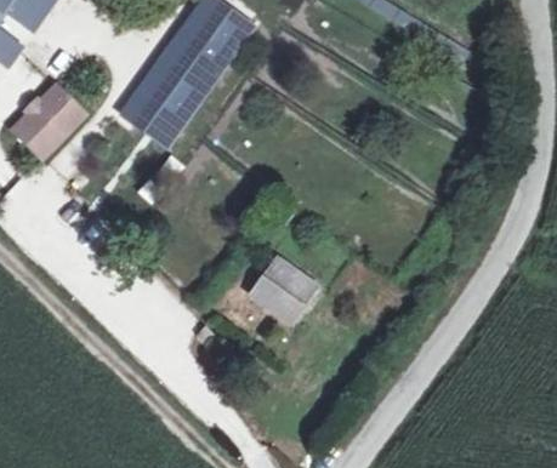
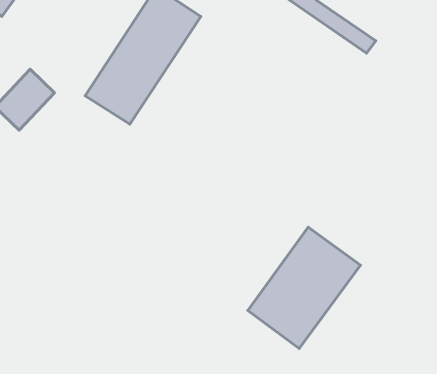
building: [249,253,318,323] -> none
building: none -> [248,227,360,348]

